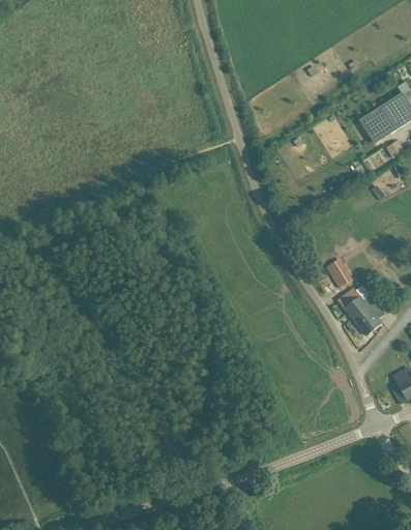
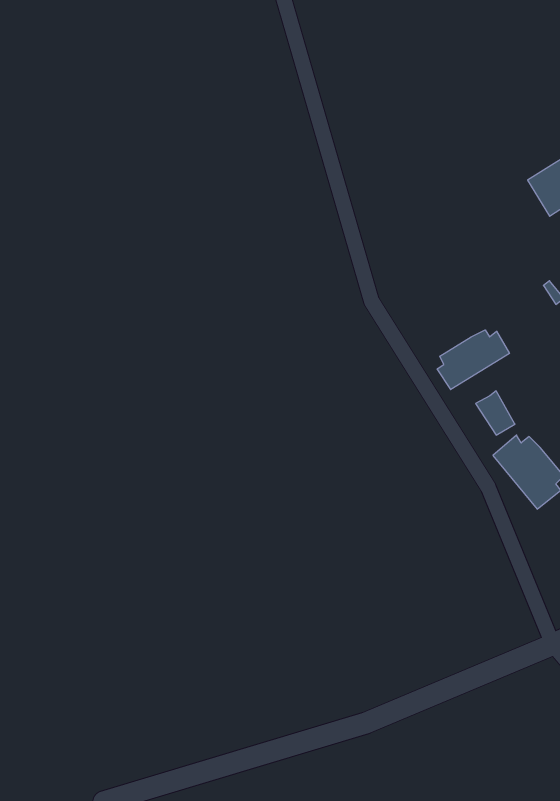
building: none -> [437,330,509,390]

